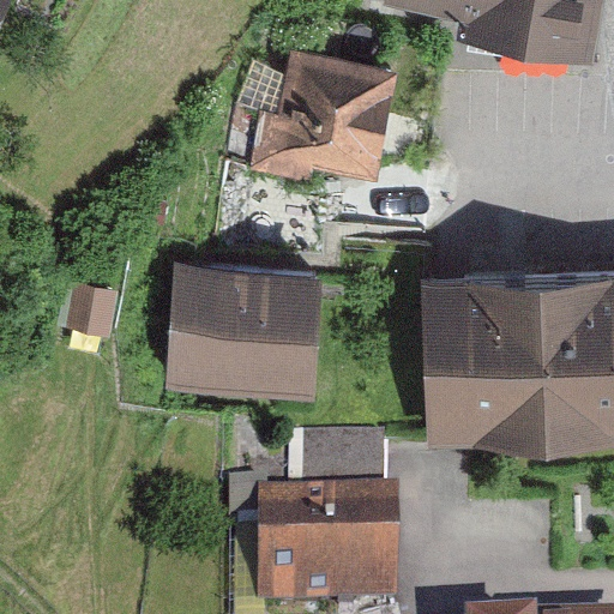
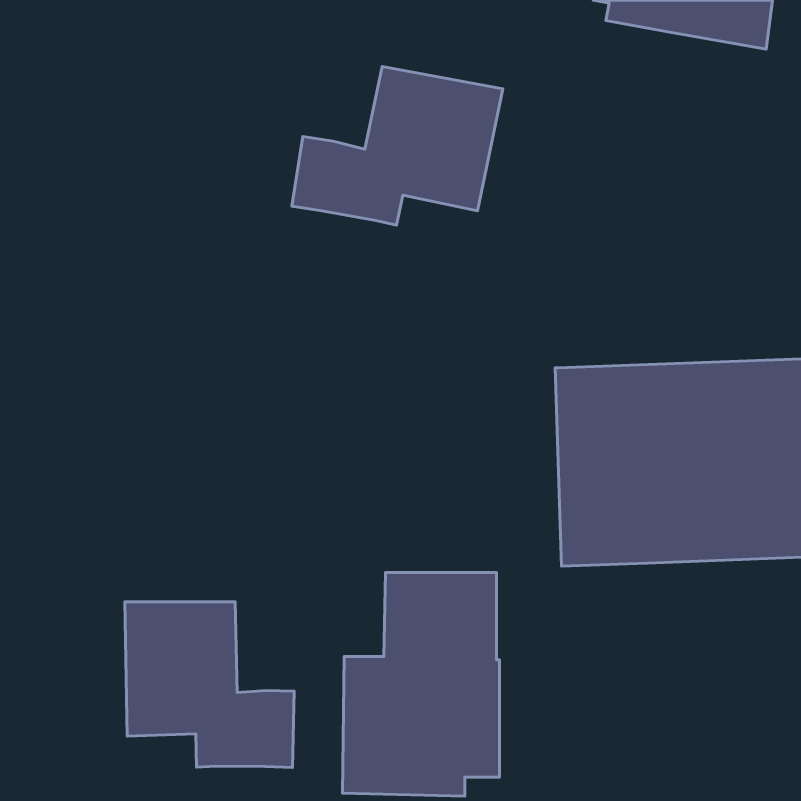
building: [171,269,315,384] -> none
building: none -> [125,602,294,767]

